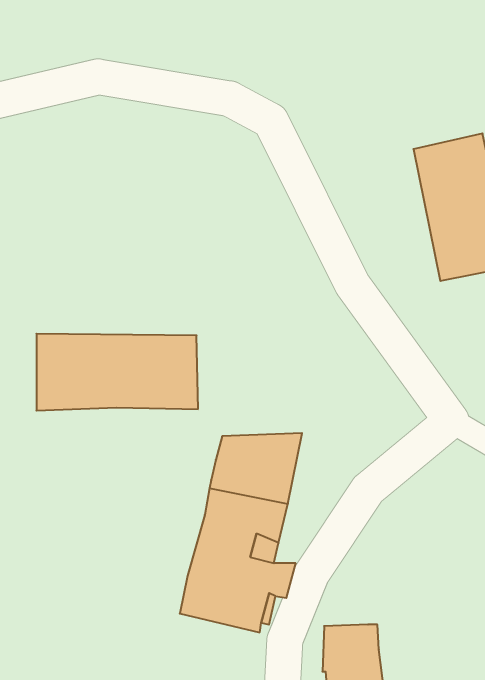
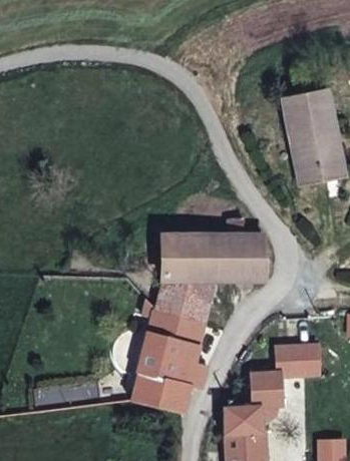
building: [36,334,198,411] -> [160,235,264,284]
building: none -> [280,345,321,374]
building: none -> [253,372,284,420]

